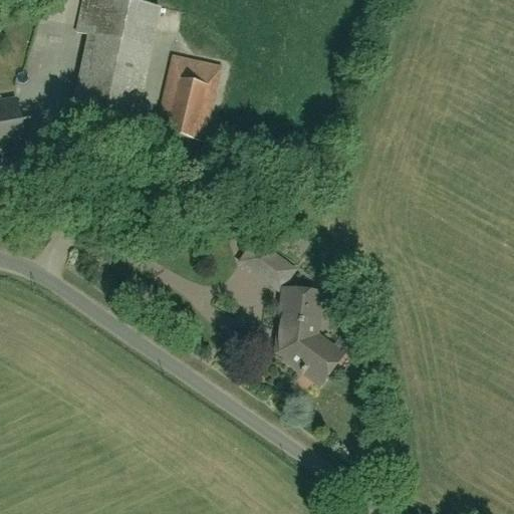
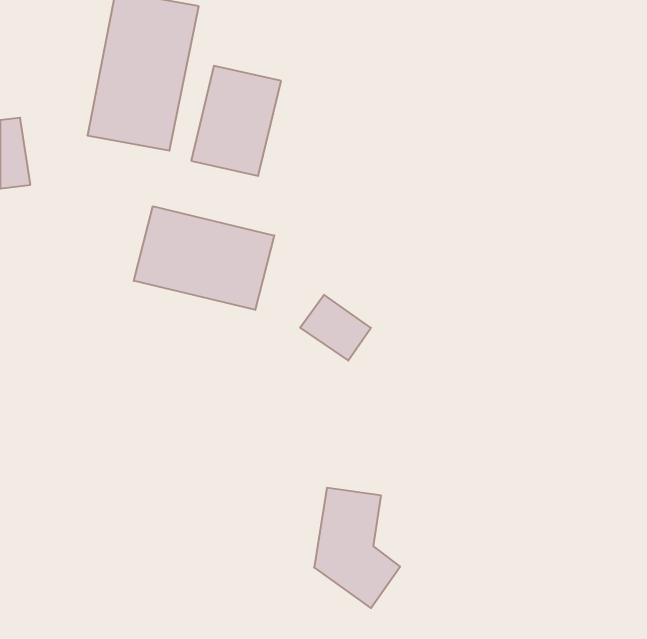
building: none -> [134,206,274,310]
building: [275,287,343,382] -> [314,488,400,608]

